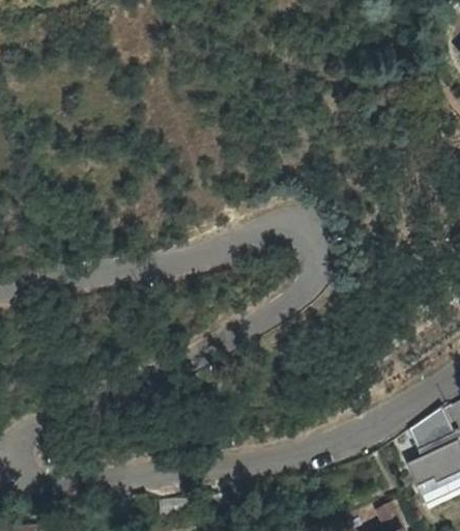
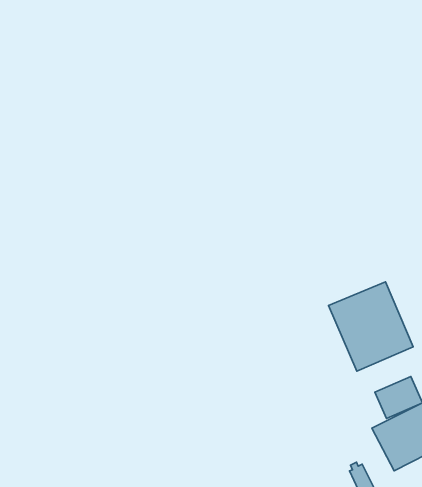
building: none -> [328,282,413,371]

